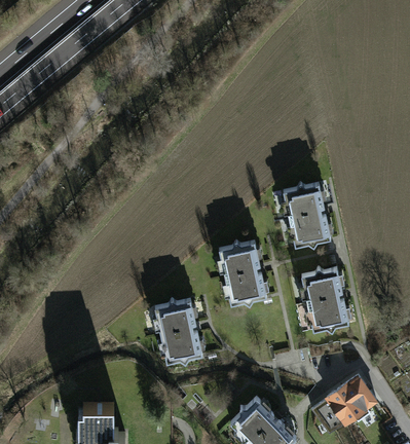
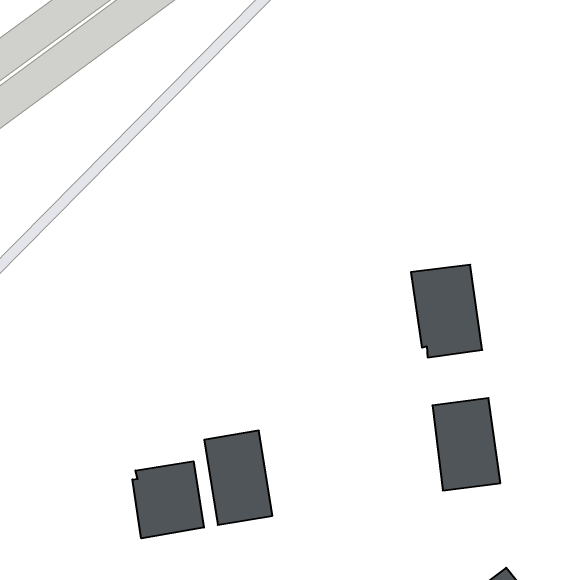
building: [219,242,266,303] -> none
building: none -> [132,461,204,538]

